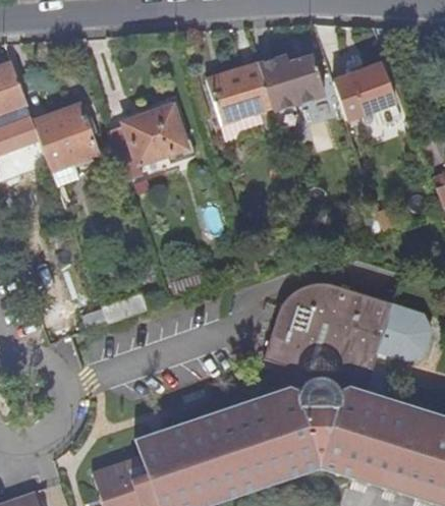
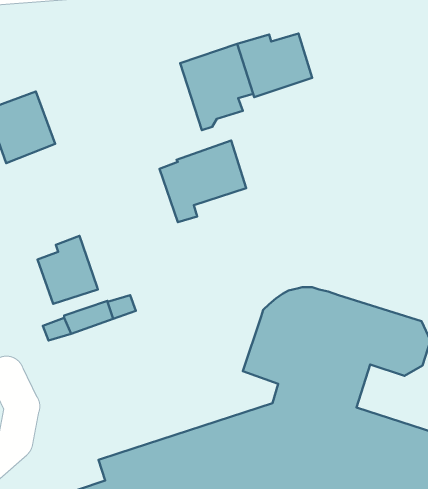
building: [348,65,397,117] -> none
building: [108,107,185,180] -> [160,140,246,222]
building: none -> [38,236,98,304]

